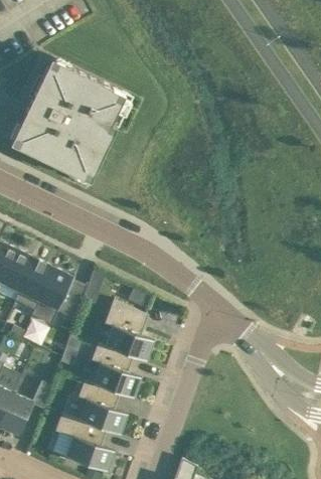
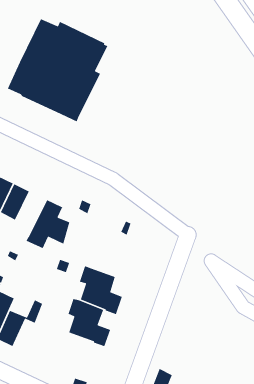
building: [14,259,54,310] -> none
building: [104,299,153,361] -> none
building: [54,413,114,472] -> none

